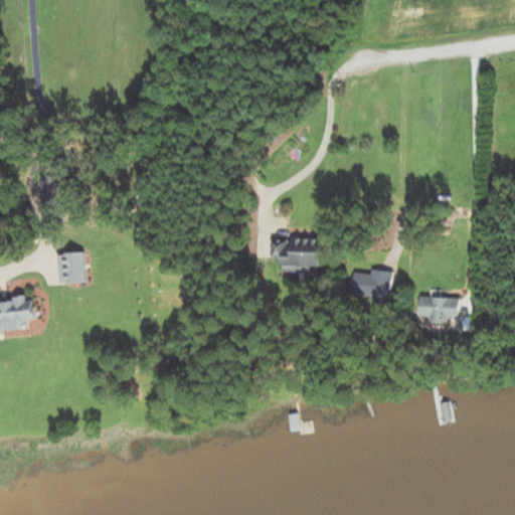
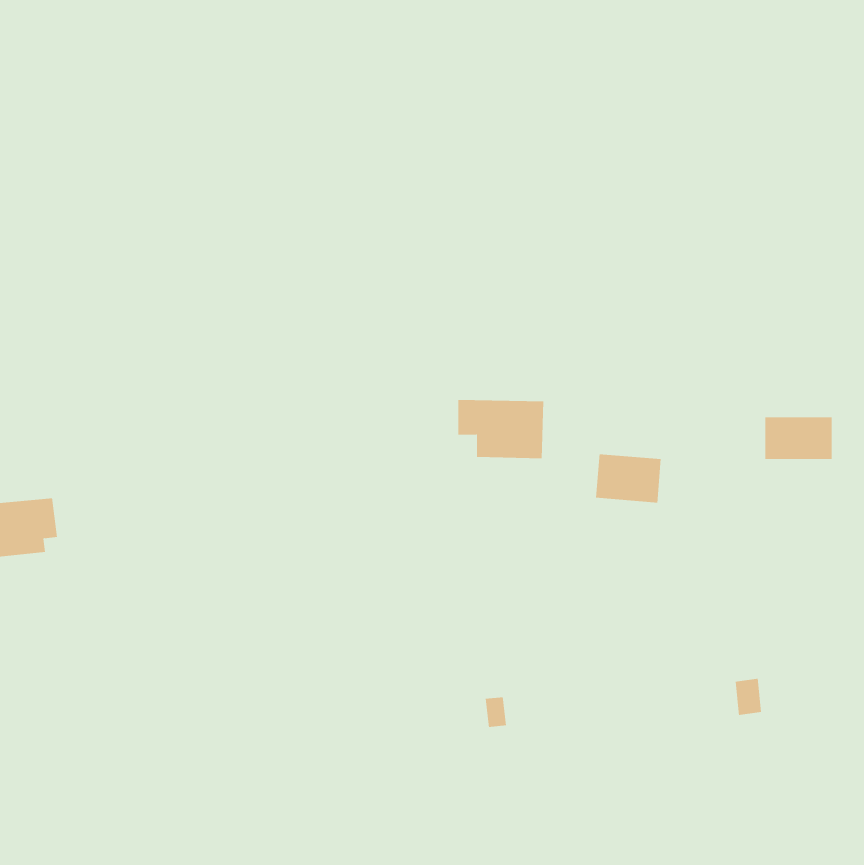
building: [58,252,83,283] -> none
building: [419,297,460,322] -> [764,417,832,459]

